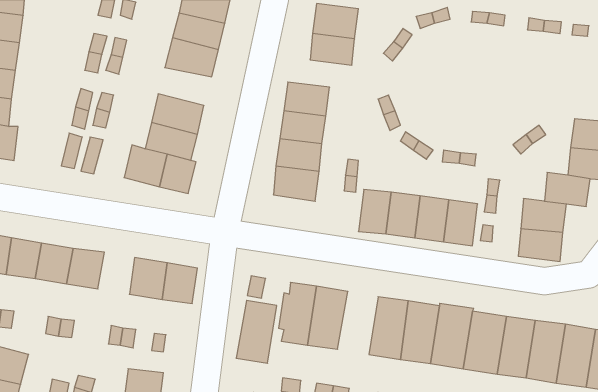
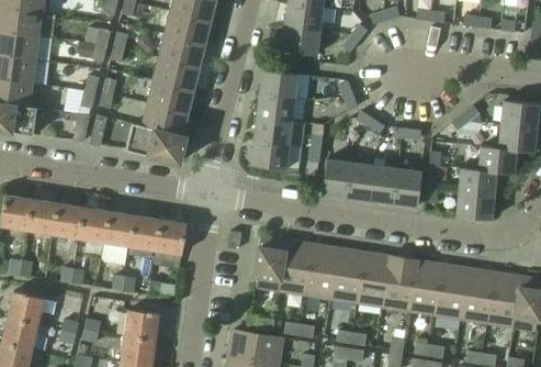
building: none -> [155,57,200,89]
building: none -> [104,212,135,247]
building: [236,300,277,363] -> [305,245,339,298]

